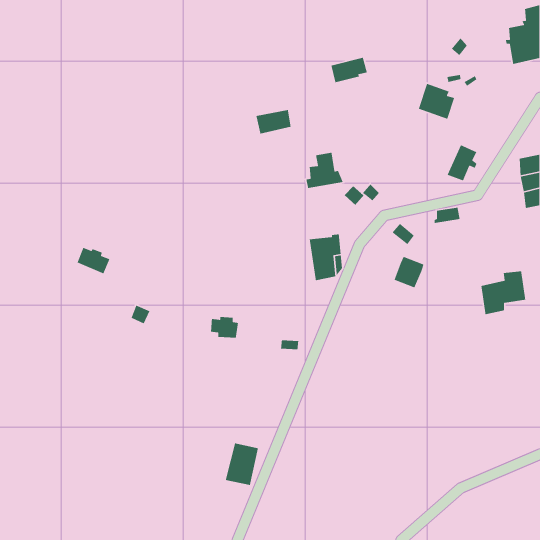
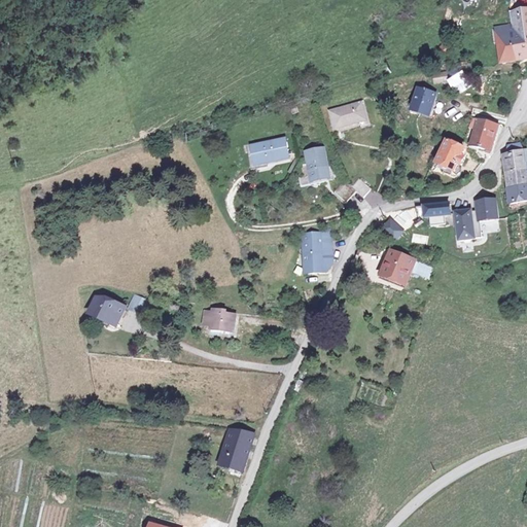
building: [331,57,368,83] -> [330,101,366,127]
building: [256,109,292,135] -> [252,139,287,164]
building: none -> [470,117,497,149]
building: [76,247,110,275] -> [89,298,121,325]
building: [480,271,526,315] -> [454,197,498,240]

